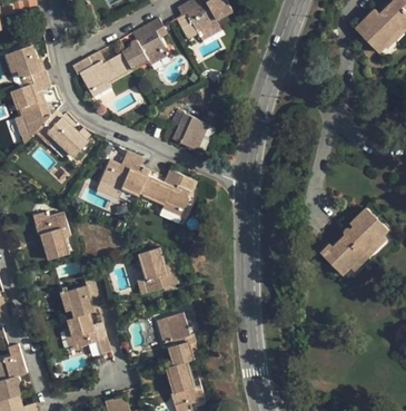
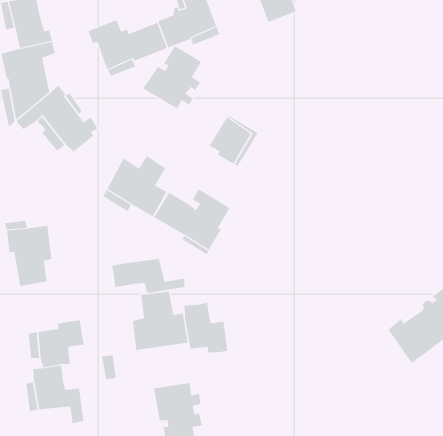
building: none -> [143,46,202,110]
building: none -> [112,258,185,294]
building: none -> [184,301,228,353]

